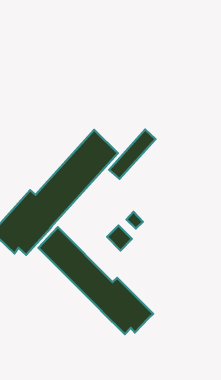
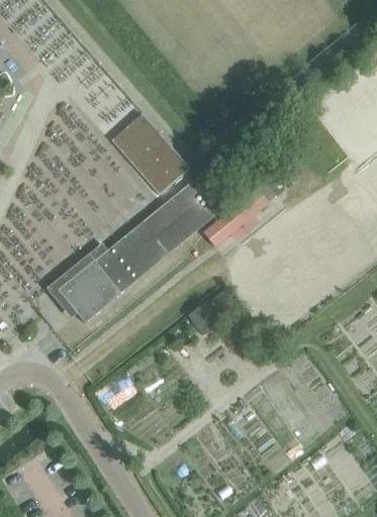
building: none -> [111,112,189,193]
building: [39,227,153,334] -> none

